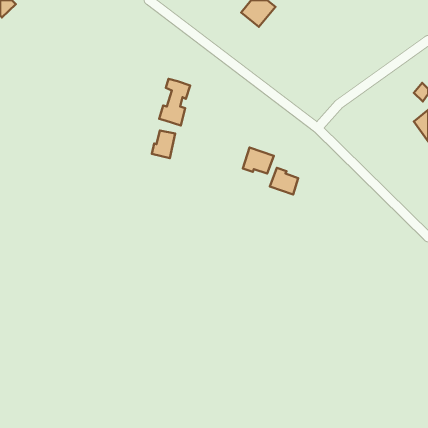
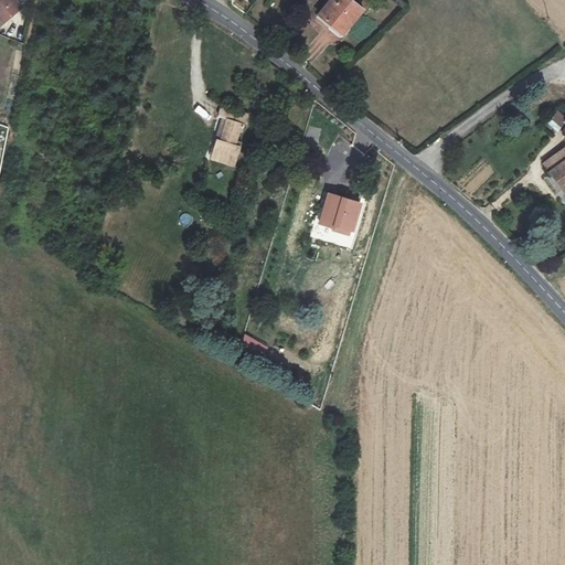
building: [152,131,175,158] -> none
building: [270,168,298,195] -> none

